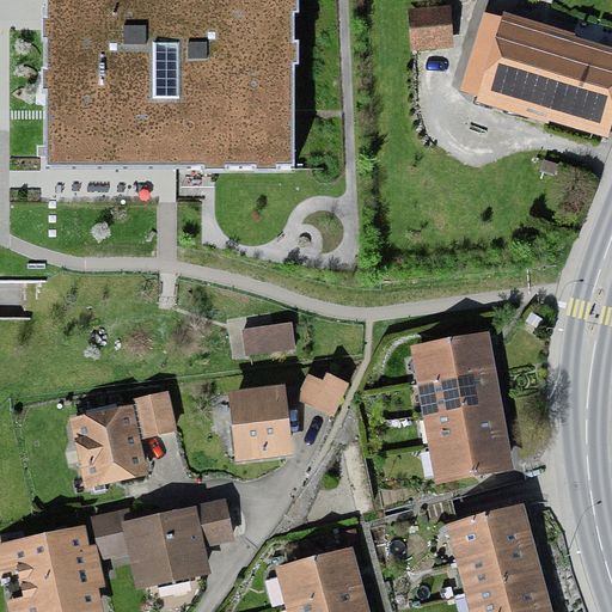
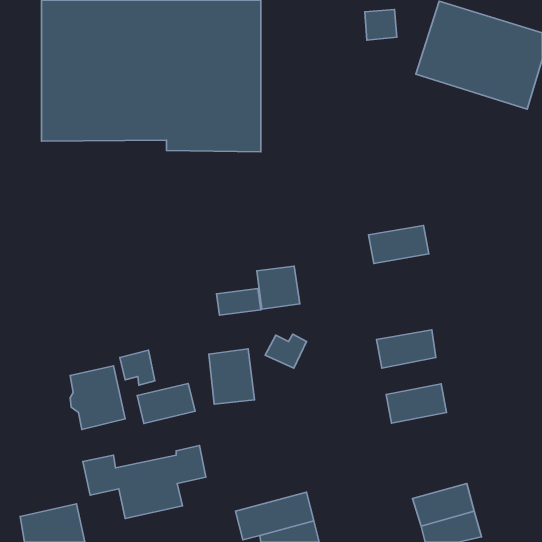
building: none -> [257,266,300,309]
building: [418,339,486,382] -> [369,225,429,264]
building: [430,403,497,445] -> none
building: none -> [137,383,195,423]
building: [457,512,526,562] -> none
building: [14,532,86,582] -> none

